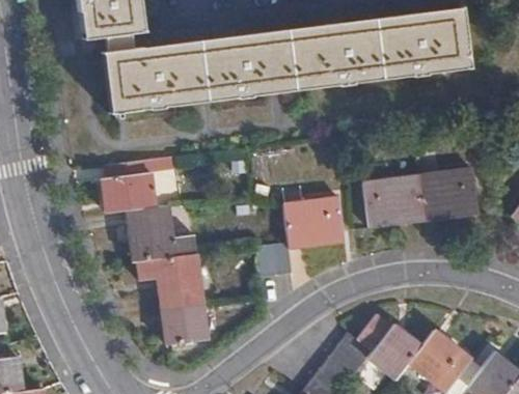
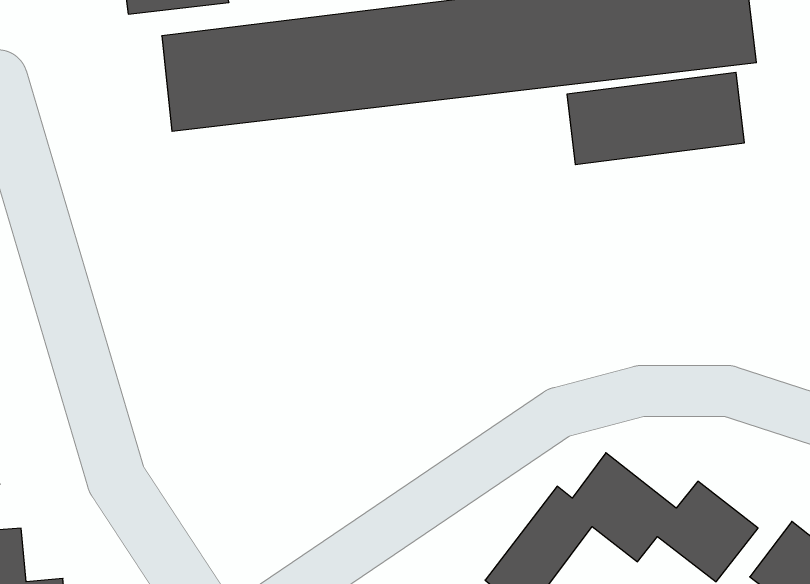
building: [106,152,209,342] -> none
building: [366,169,476,226] -> [567,72,744,165]
building: [258,197,348,271] -> none

